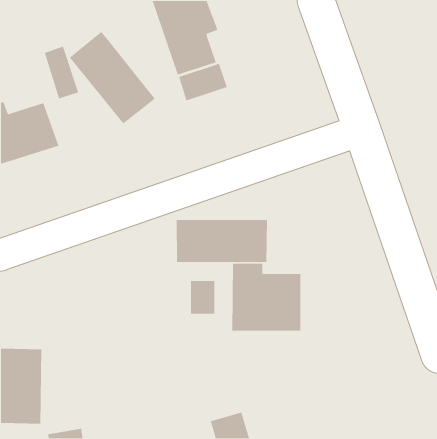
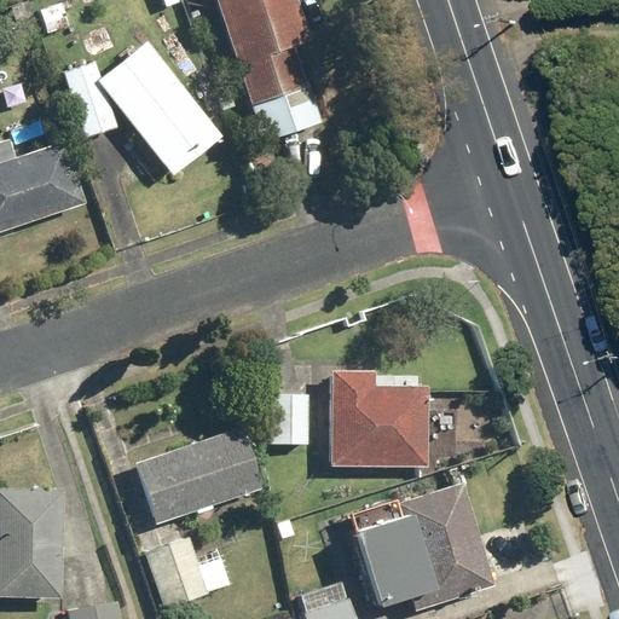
building: [176,219,268,263] -> none
building: none -> [134,427,262,523]
building: none -> [346,479,494,608]
building: none -> [145,538,230,608]

